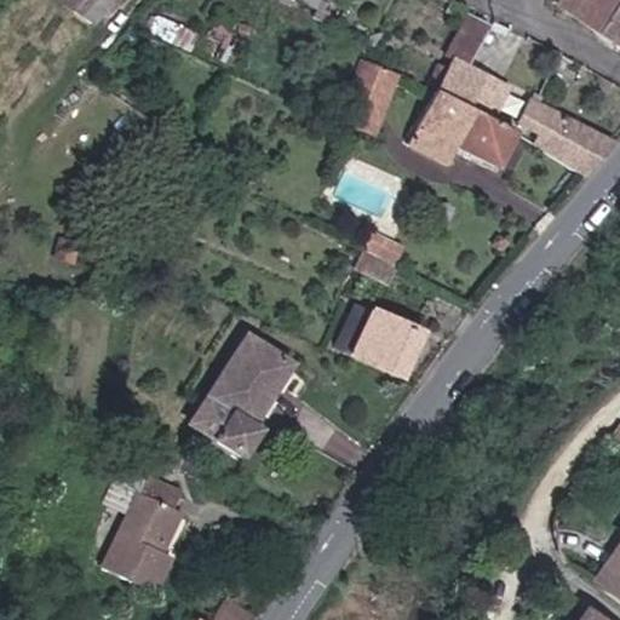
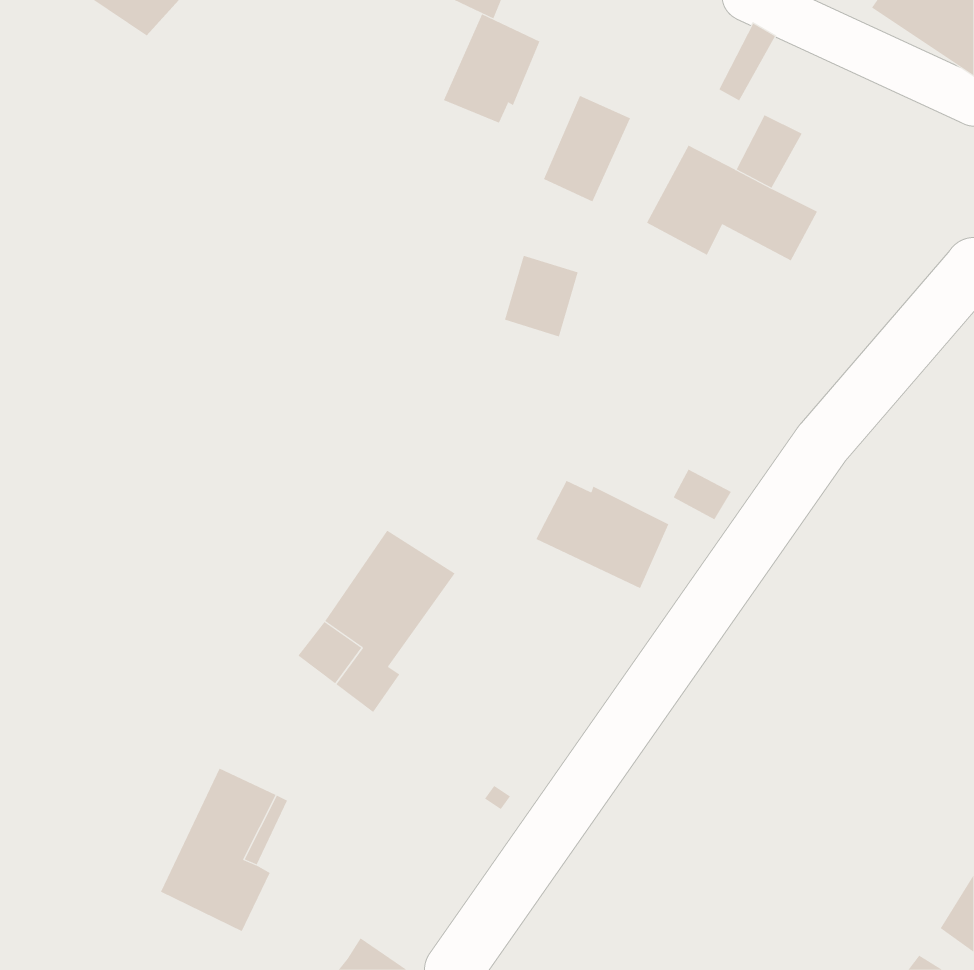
building: none -> [443,13,540,123]
building: [437,57,486,108] -> none
building: [519,94,614,177] -> none
building: [355,226,402,279] -> [504,255,579,337]

